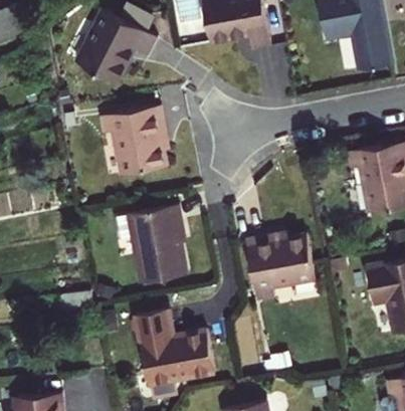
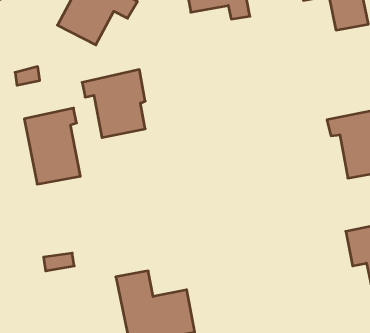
building: [129,203,186,280] -> [24,108,80,184]
building: [247,238,315,302] -> none

